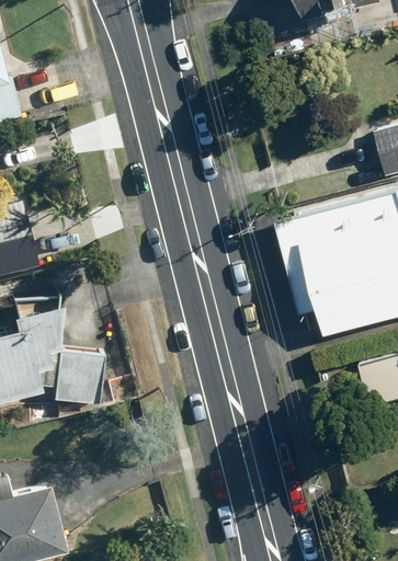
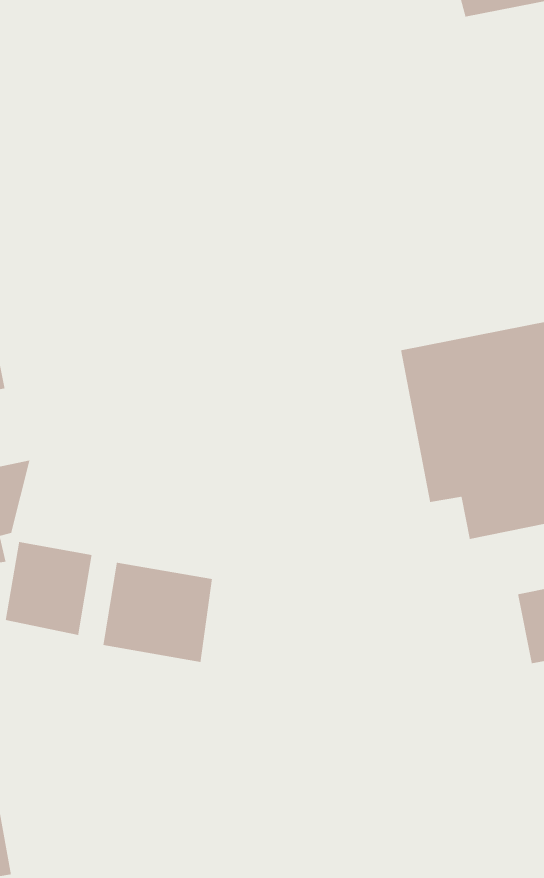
building: none -> [103,562,213,663]

